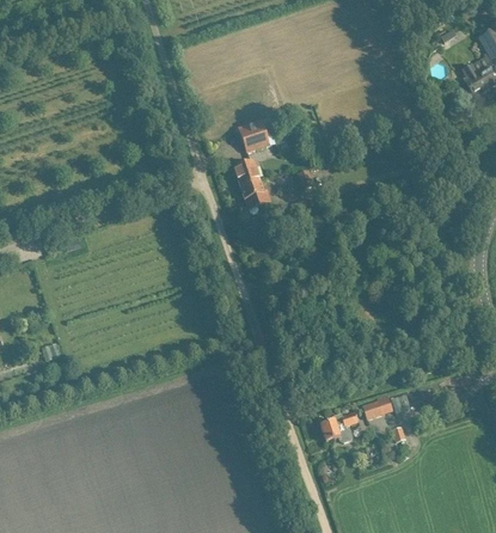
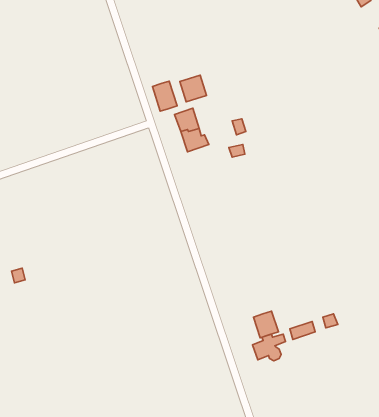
building: none -> [152,81,177,111]
building: none -> [253,311,278,338]

